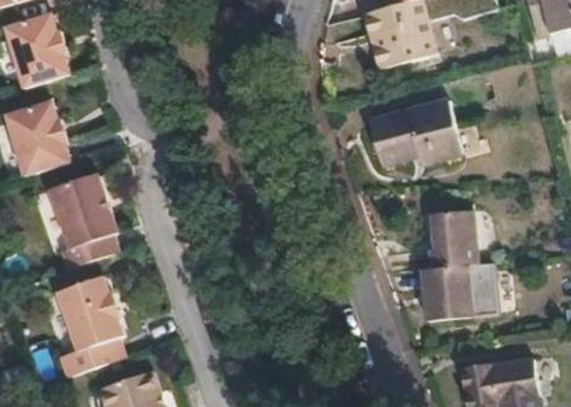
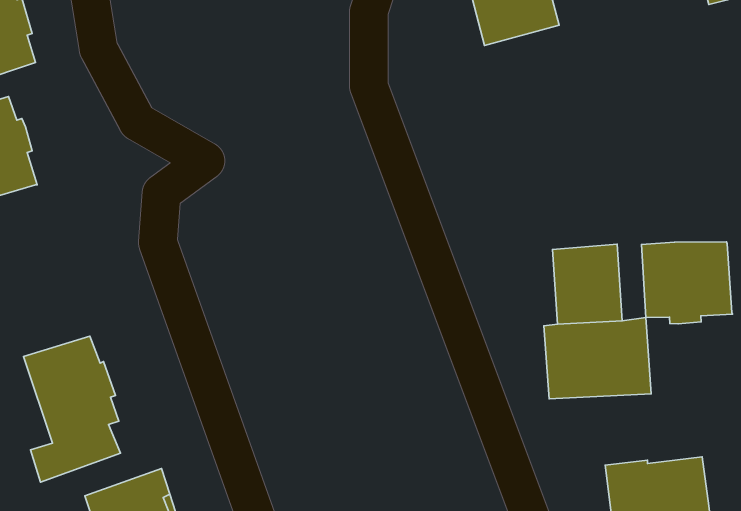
building: [374,98,460,160] -> none
building: [46,171,114,267] -> none
building: none -> [641,242,732,324]

